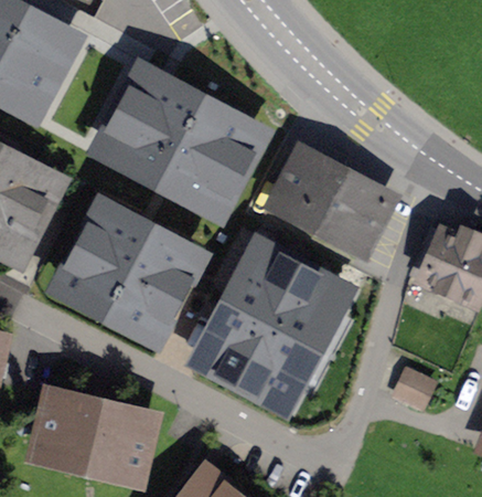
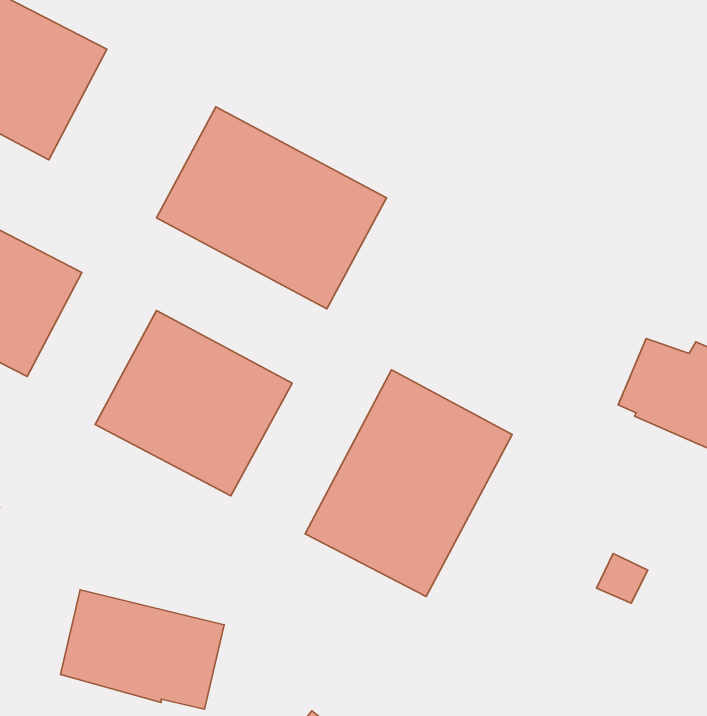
building: [279,156,388,246] -> none

